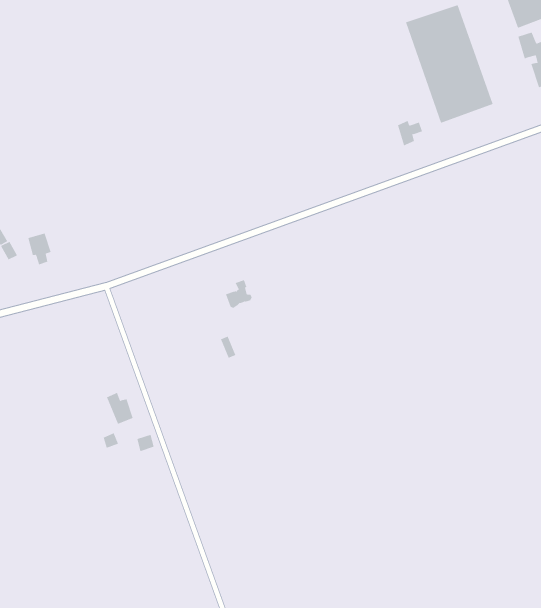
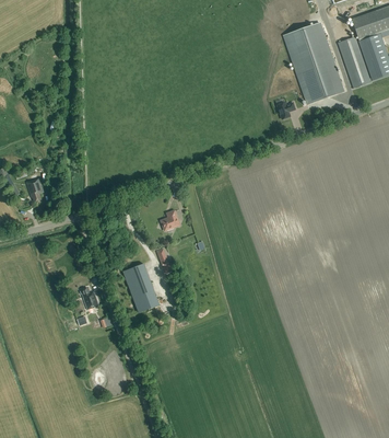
building: none -> [338,36,370,88]
building: none -> [122,263,160,312]

